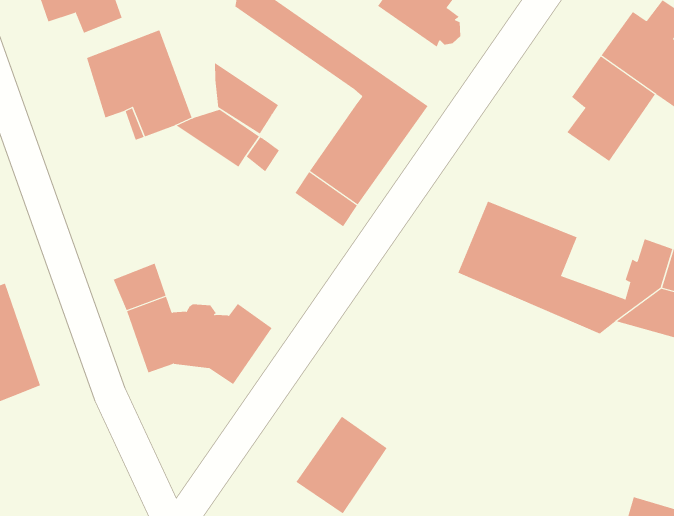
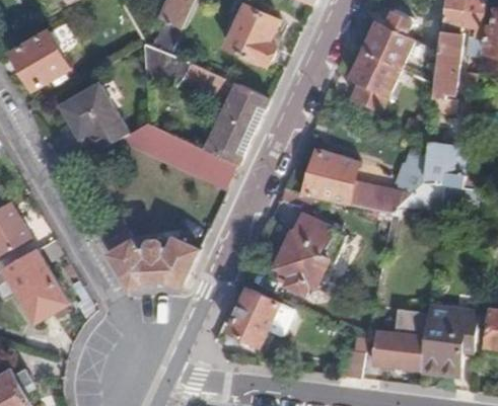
building: [215,62,279,135] -> none
building: none -> [274,215,347,293]

